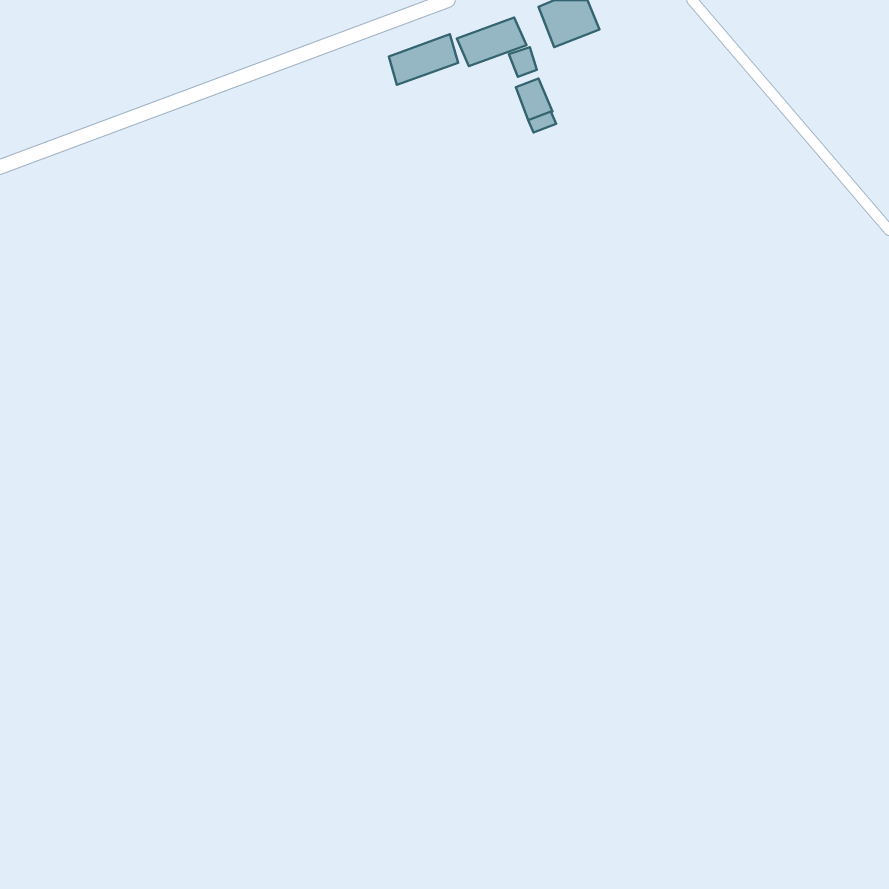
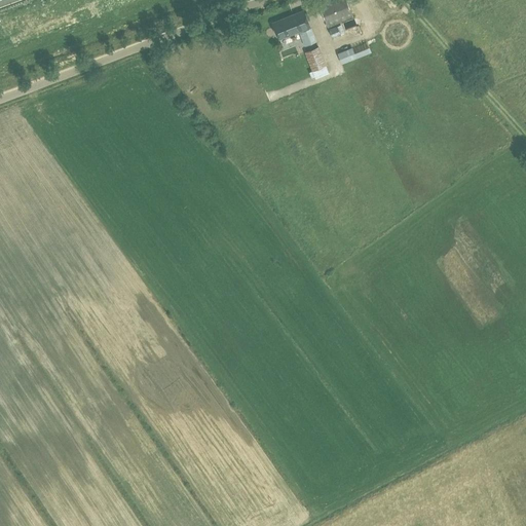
building: [389,34,458,85] -> none

